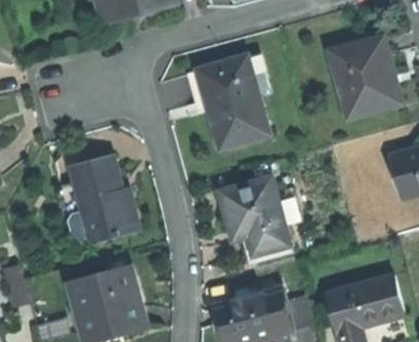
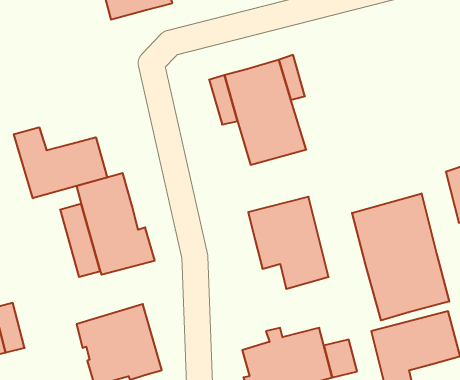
building: [331,35,395,117] -> none
building: none -> [14,127,107,198]
building: none -> [352,193,449,320]

